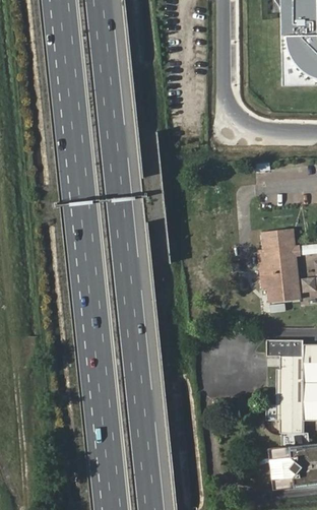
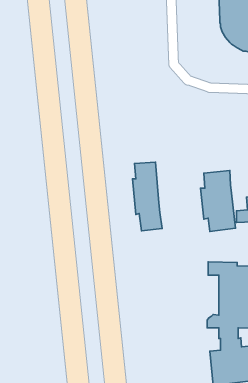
building: none -> [132,162,162,231]

